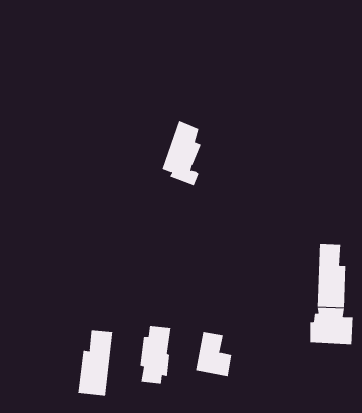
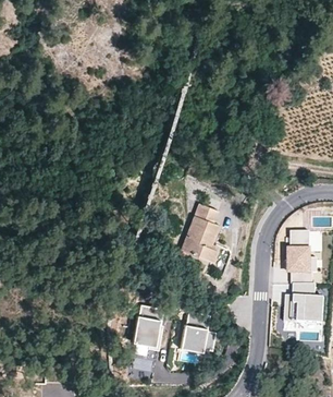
building: [161,120,202,186] -> [183,203,219,262]
building: [78,329,113,396] -> none

